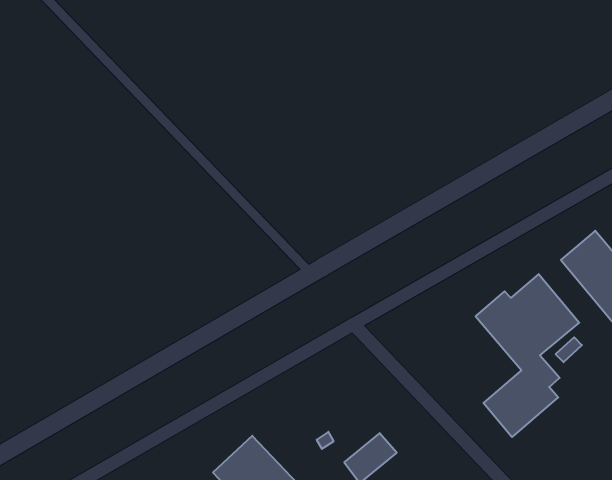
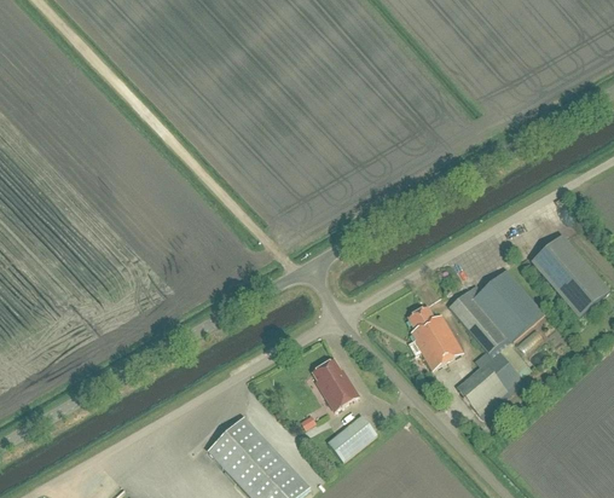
building: none -> [407,306,463,370]
building: none -> [312,359,359,411]

